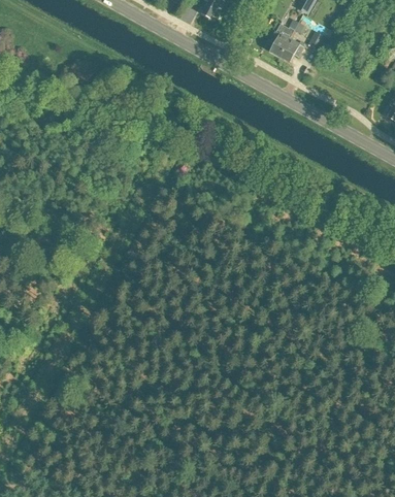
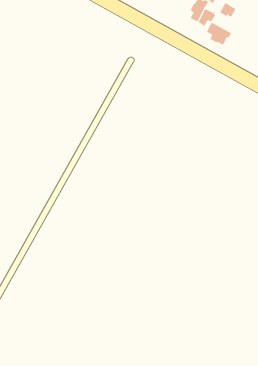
building: none -> [206,22,232,45]

